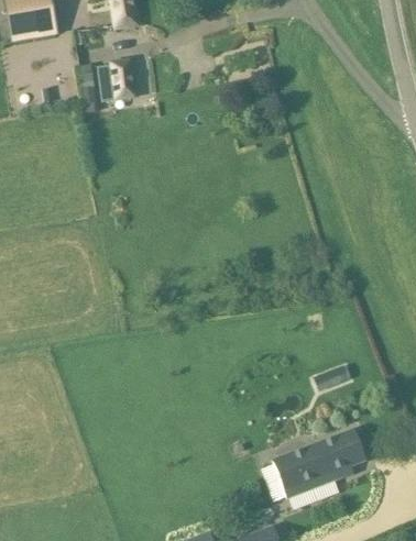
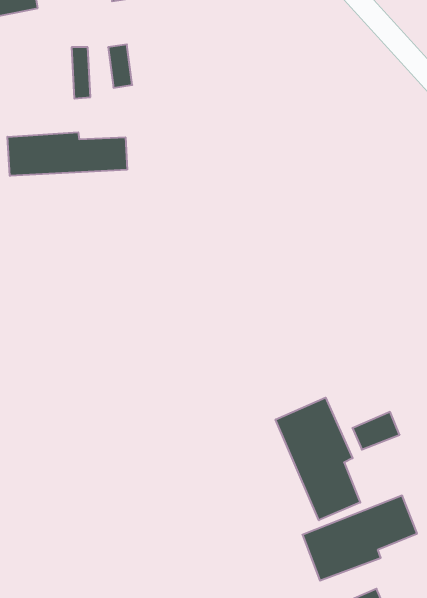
building: none -> [7,132,127,176]
building: none -> [276,398,360,520]

